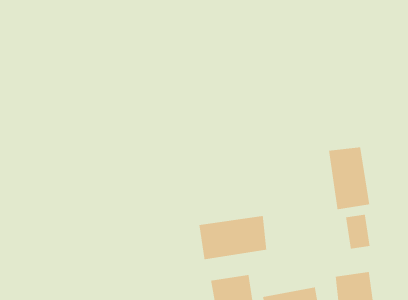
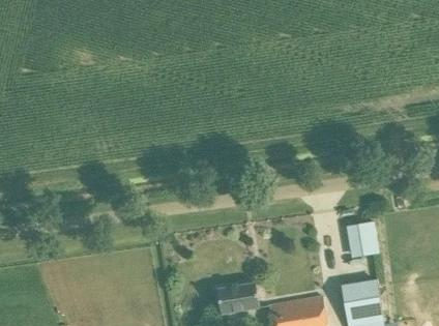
building: [328,146,370,210] -> none
building: [198,215,267,260] -> none

